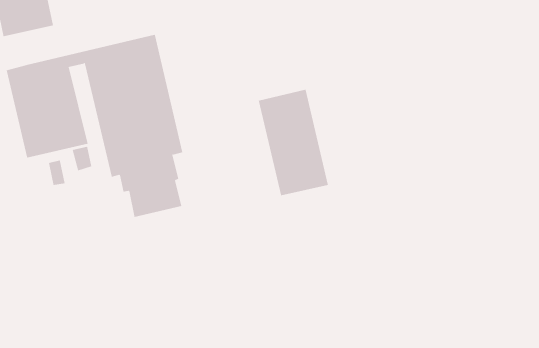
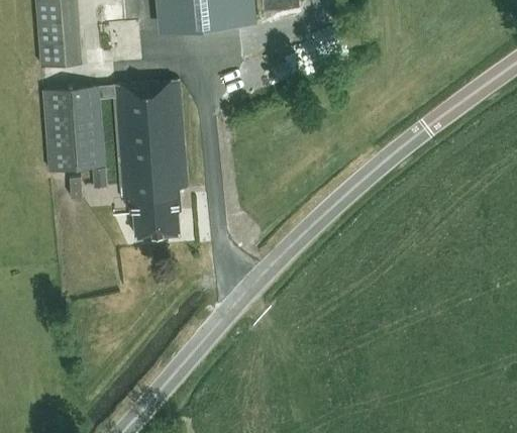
building: [258,89,329,196] -> none

